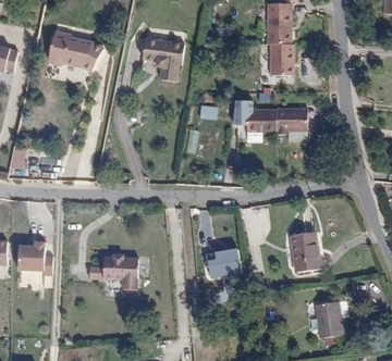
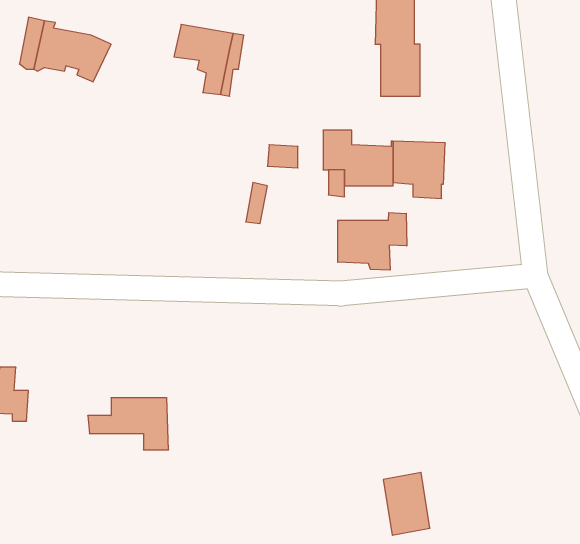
building: none -> [338,213,407,270]
building: [292,231,324,270] -> none
building: [204,249,241,281] -> none
building: [316,299,344,337] -> [383,472,430,535]

